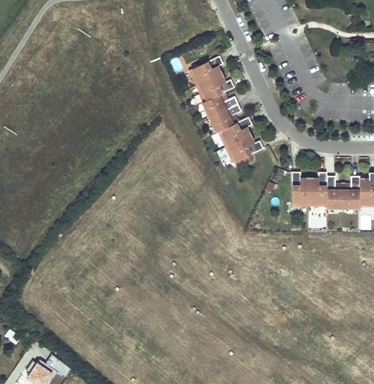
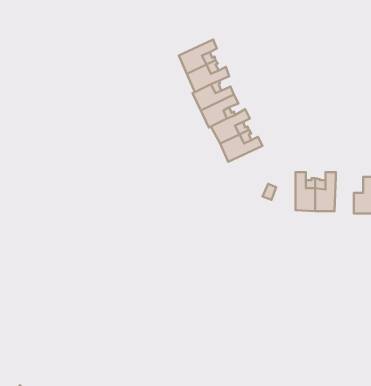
building: [326,176,343,208] -> none

